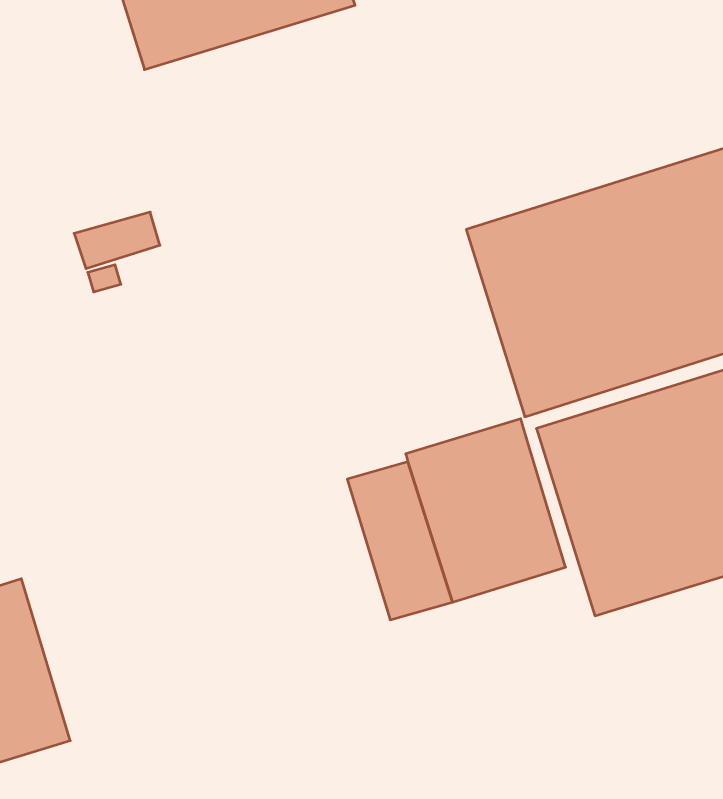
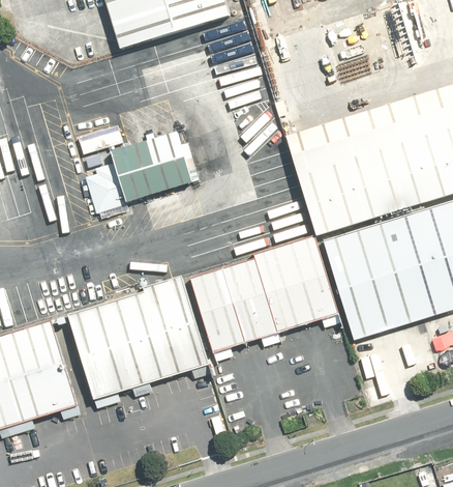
building: none -> [85,132,199,219]
building: none -> [190,267,245,352]
building: none -> [67,276,209,400]

